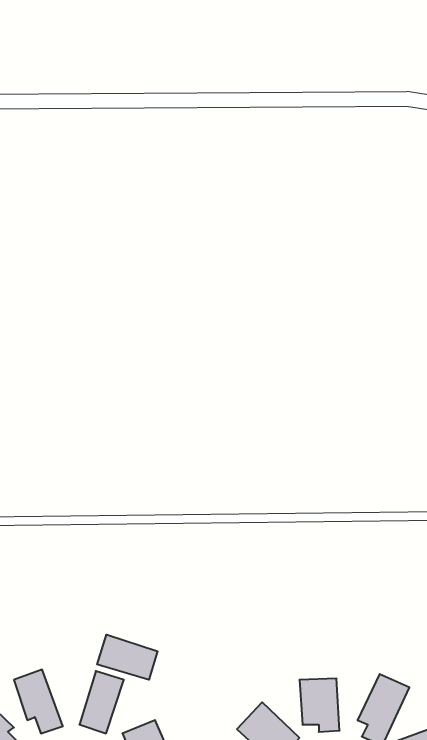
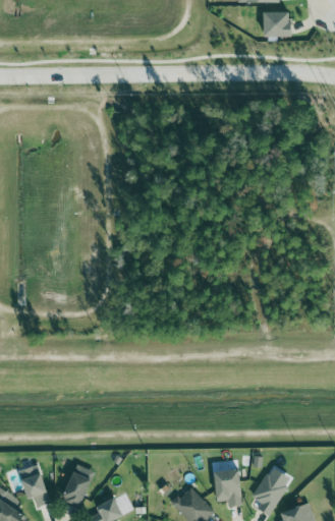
building: none -> [264,12,291,38]
building: [97,635,158,680] -> none

